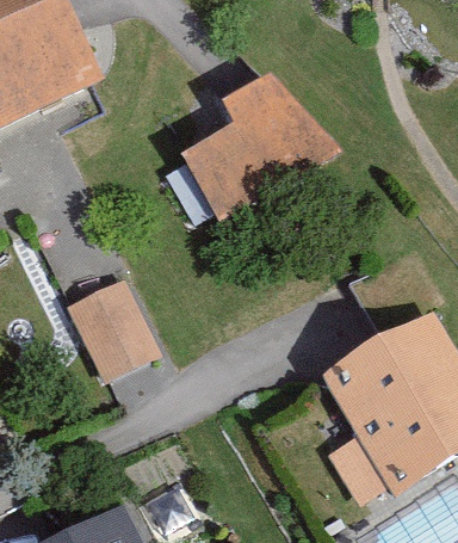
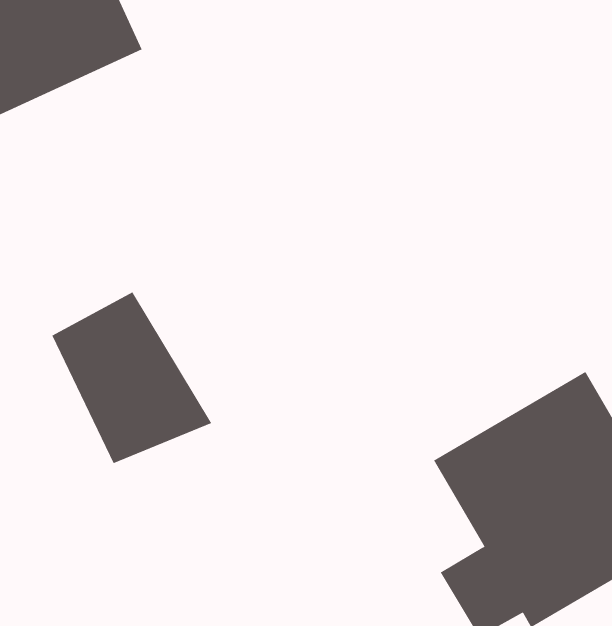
building: [159,56,342,222] -> none

